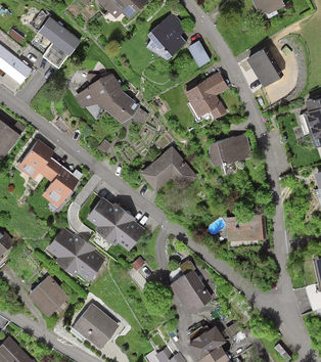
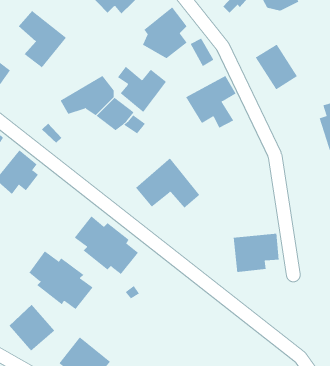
building: none -> [117,66,167,113]
building: [208,133,253,166] -> none
building: [41,161,80,208] -> none
building: [168,259,212,315] -> none

